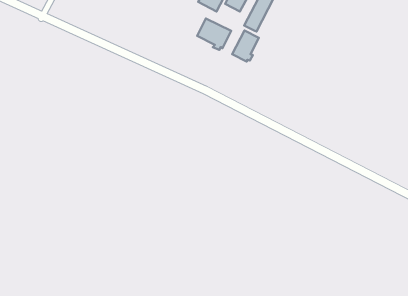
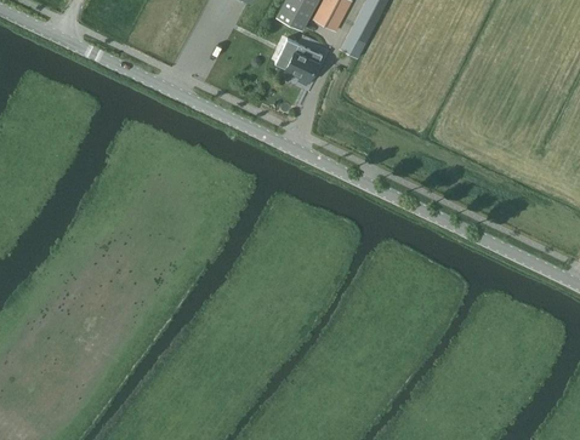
building: [232,31,259,61] -> none

